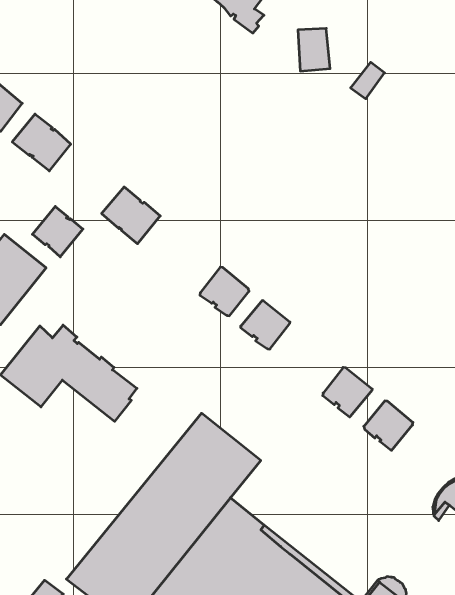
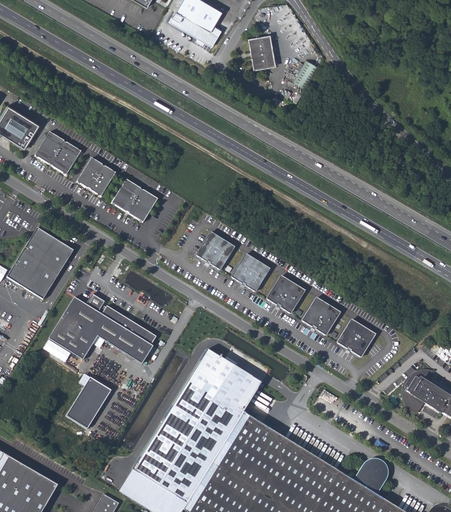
building: [32,206,83,257] -> [76,157,115,196]
building: none -> [266,276,304,313]
building: none -> [66,376,111,427]

